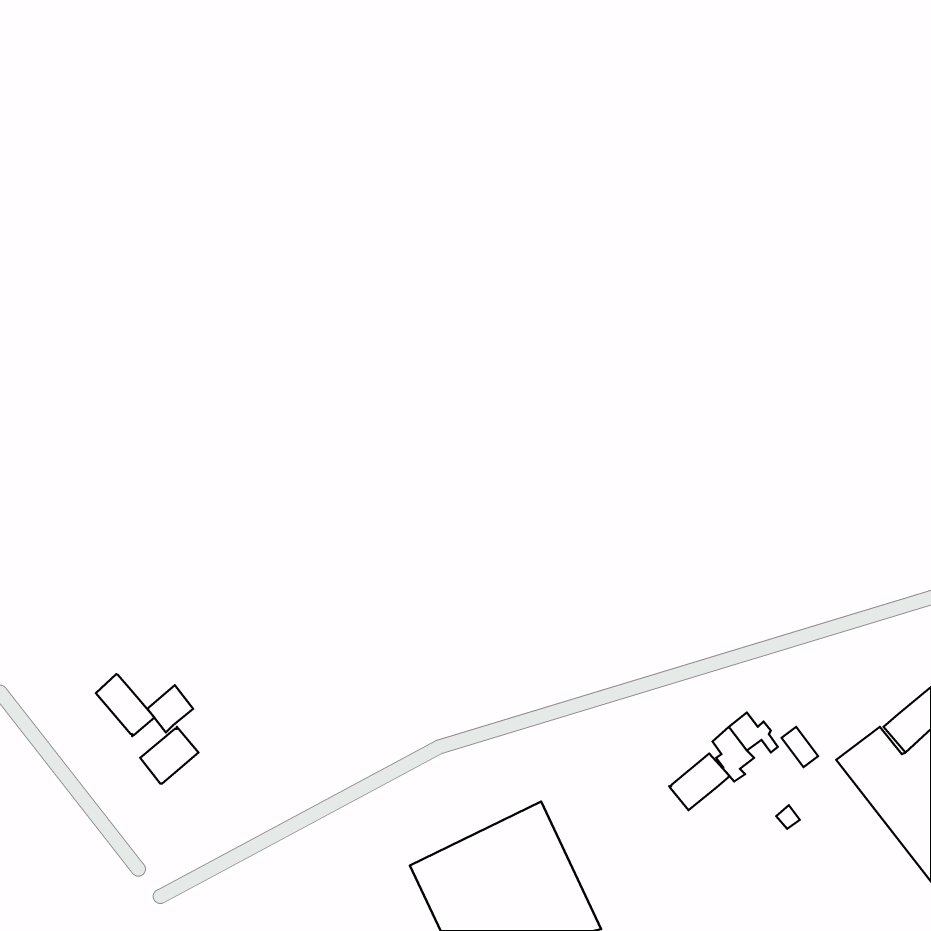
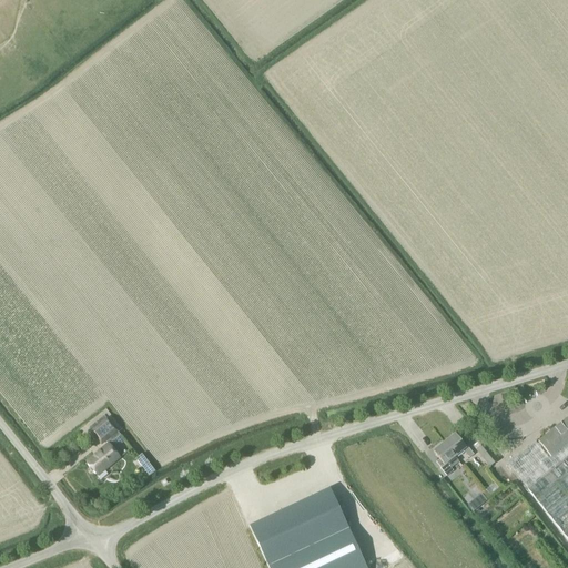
building: [96,674,154,736] -> none
building: [669,753,729,810] -> none

